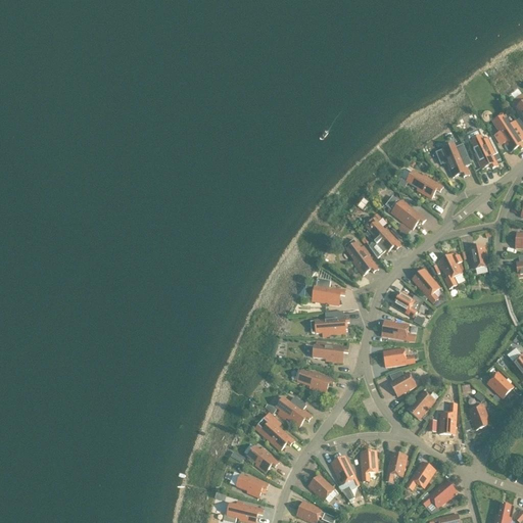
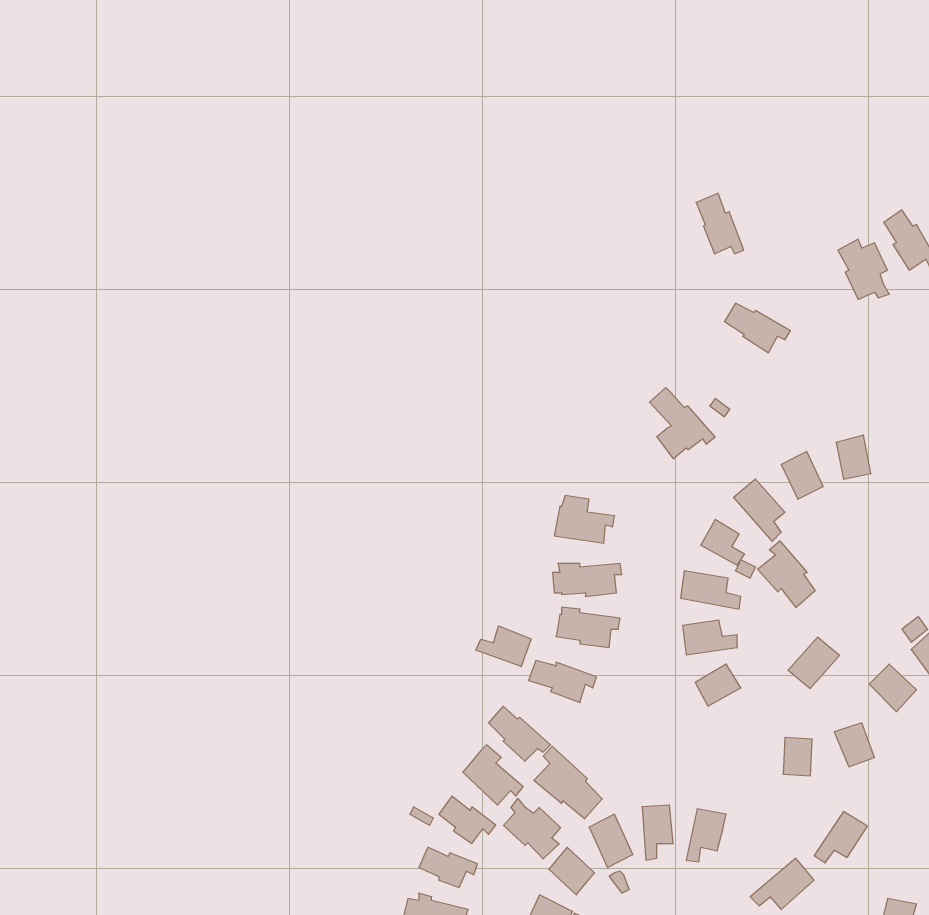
building: [442,143,469,177] -> [696,193,744,254]
building: [391,199,426,229] -> none
building: [344,239,378,275] -> none
building: none -> [758,541,815,608]
building: none -> [476,626,531,667]
building: [407,390,435,419] -> [788,637,839,688]
building: none -> [534,746,602,819]
building: none -> [504,799,561,859]
building: [406,462,435,490] -> [814,812,867,863]

